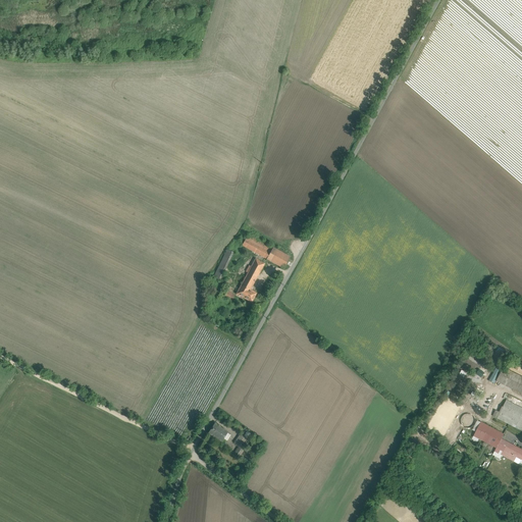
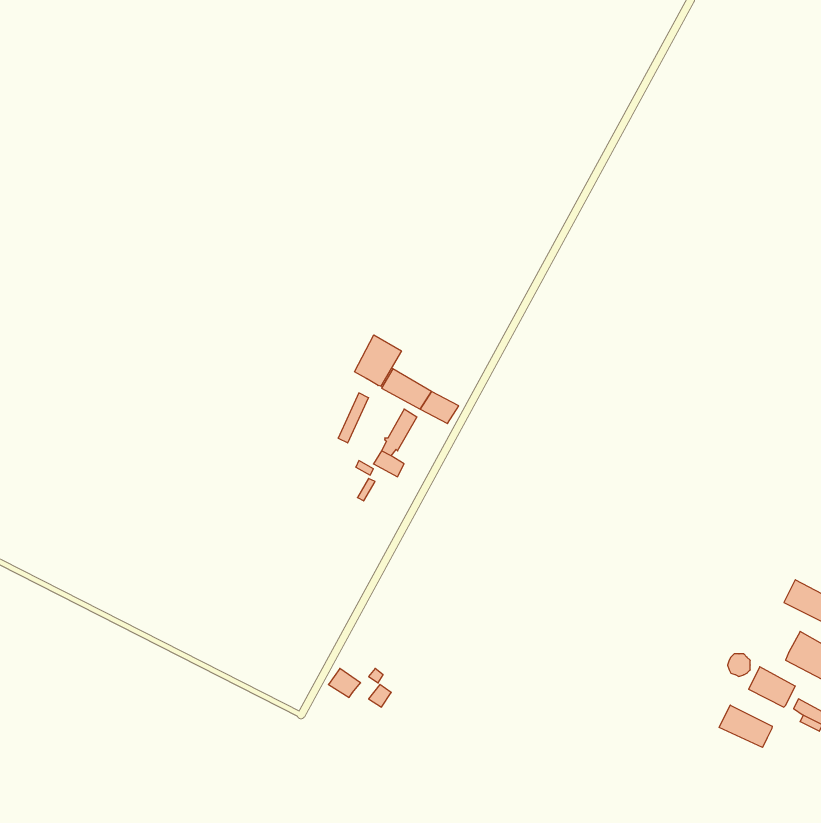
building: none -> [355,335,401,386]
building: none -> [719,705,772,747]

